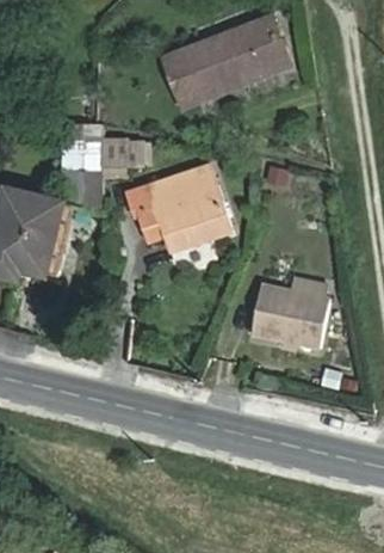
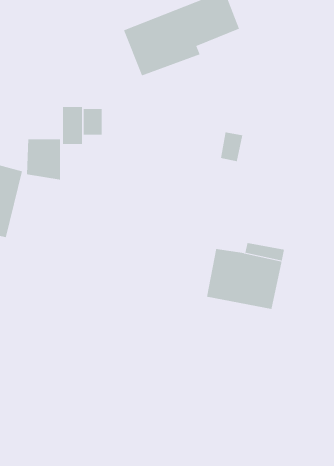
building: [126,166,229,250] -> none

